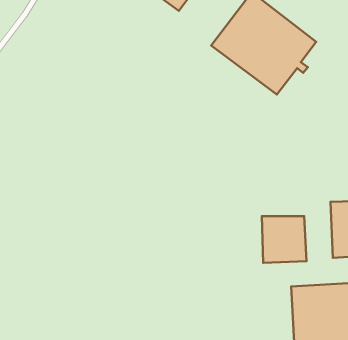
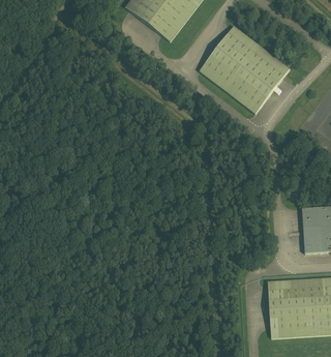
building: [262,216,306,263] -> none

